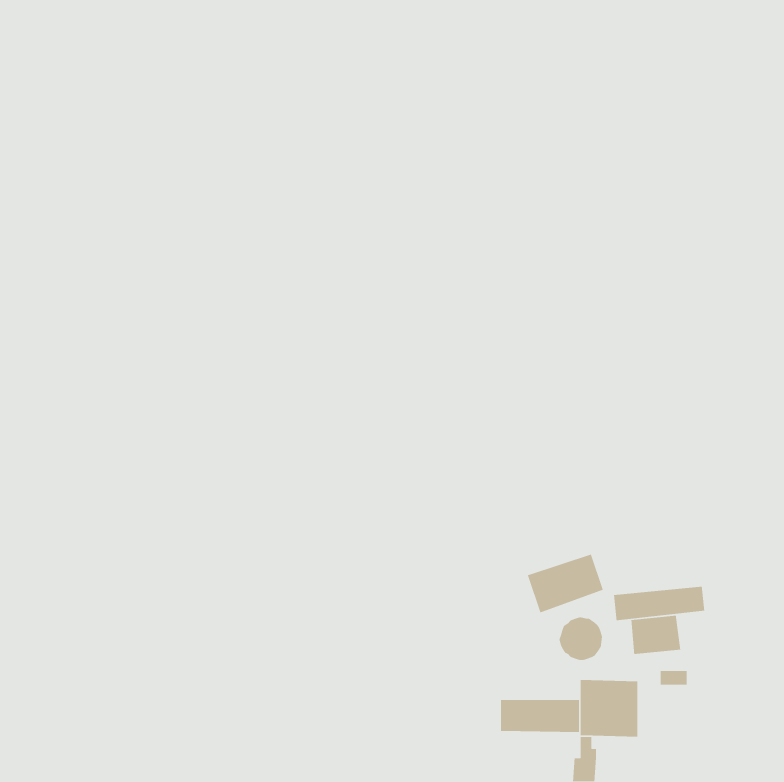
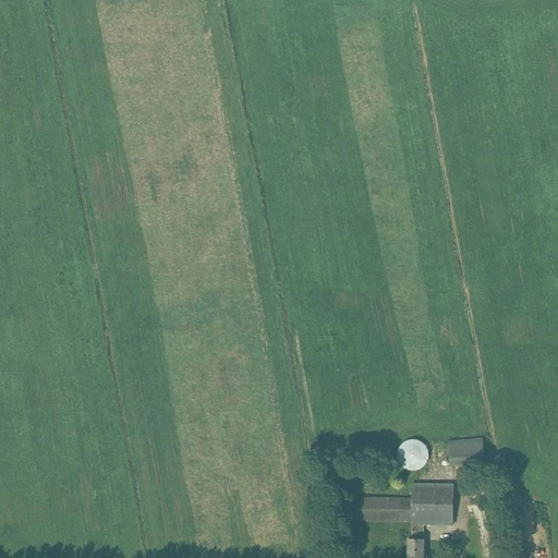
building: [527,553,604,614] -> none
building: [613,586,705,621] -> none

